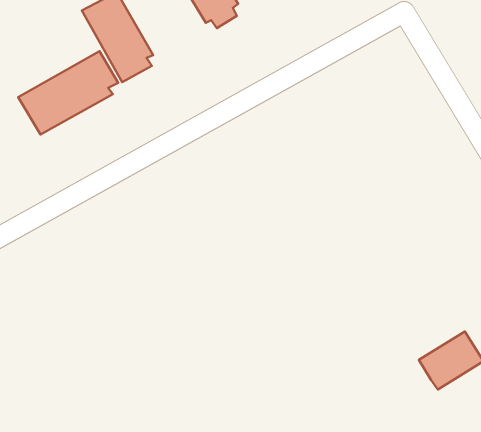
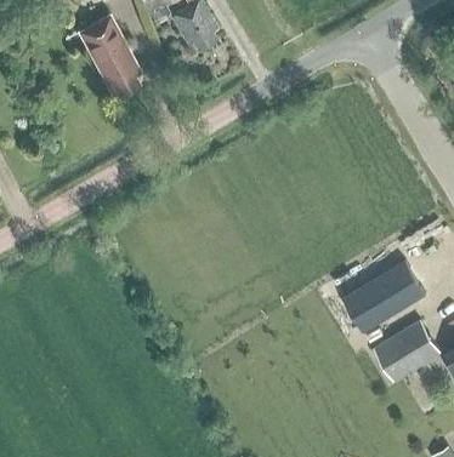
building: [18,51,118,134] -> none
building: none -> [344,262,426,333]

